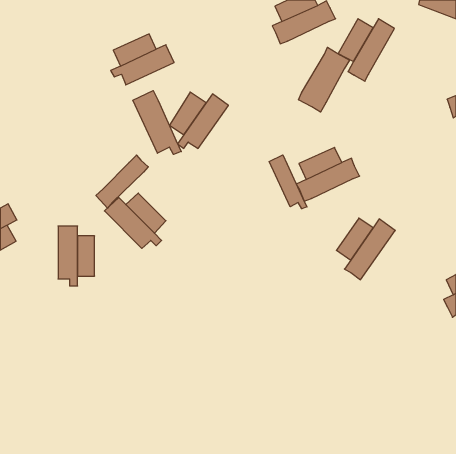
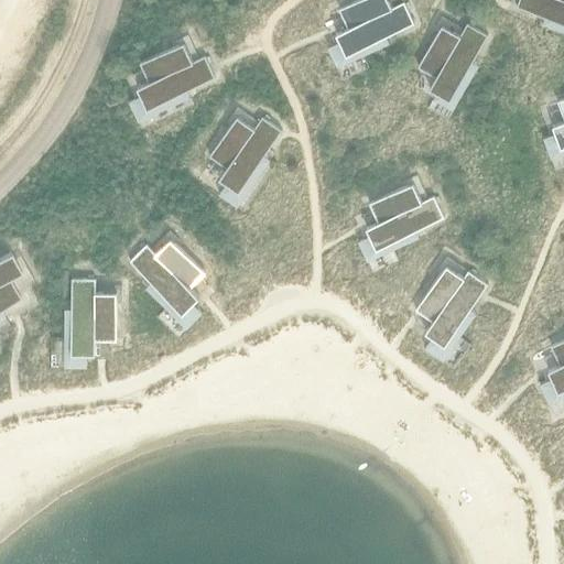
building: [299,47,349,112] -> none
building: [133,91,181,154] -> none
building: [269,155,307,209] -> none
building: [96,155,148,208] -> none

